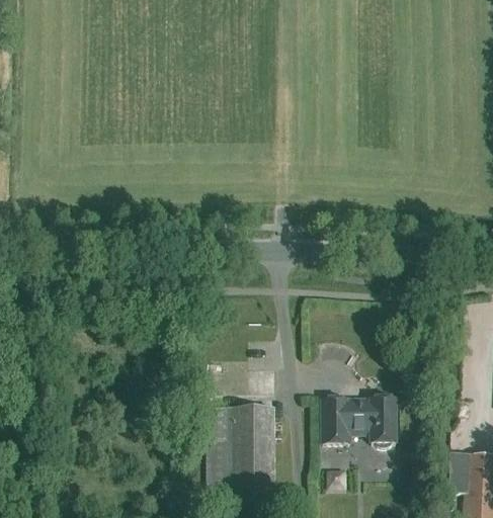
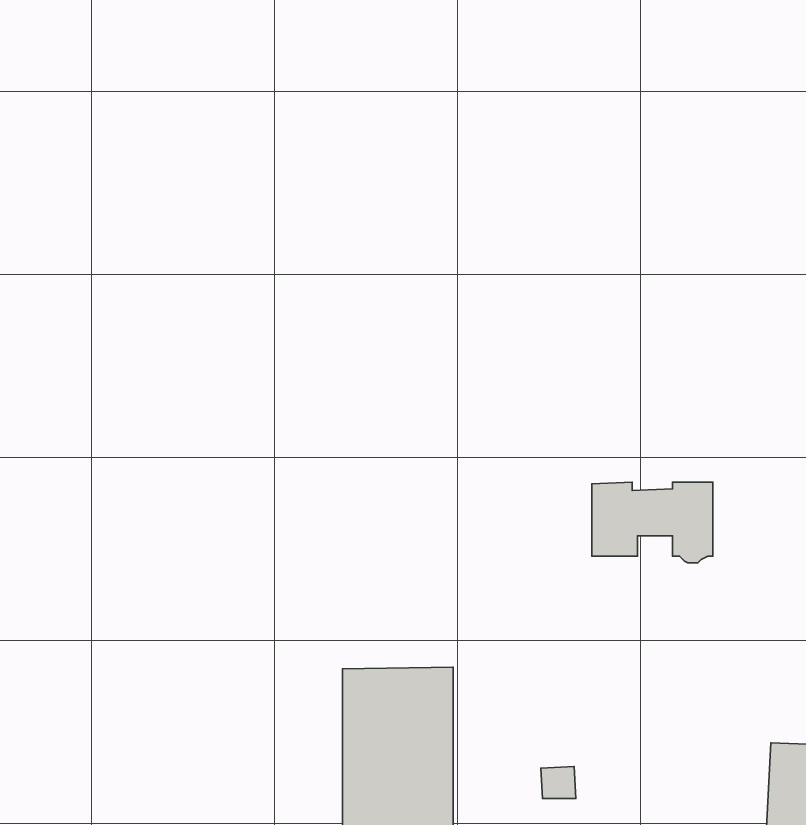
building: [322,396,395,444] -> [592,482,713,563]

